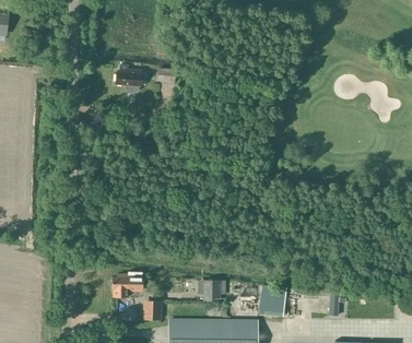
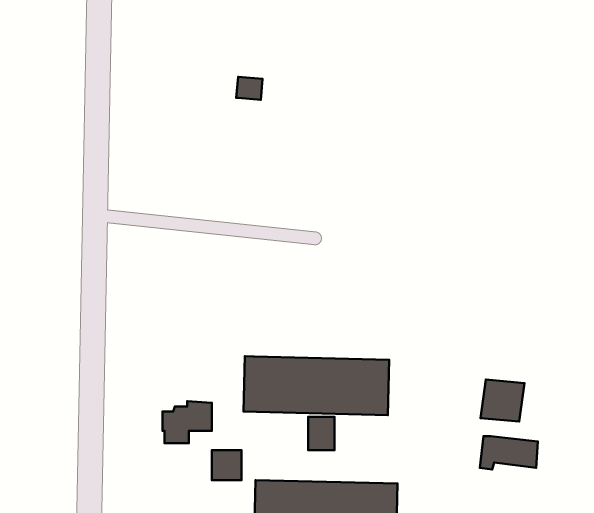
building: [115,64,141,93] -> none
building: none -> [243,356,389,415]
building: [259,285,286,311] -> [481,380,524,422]

